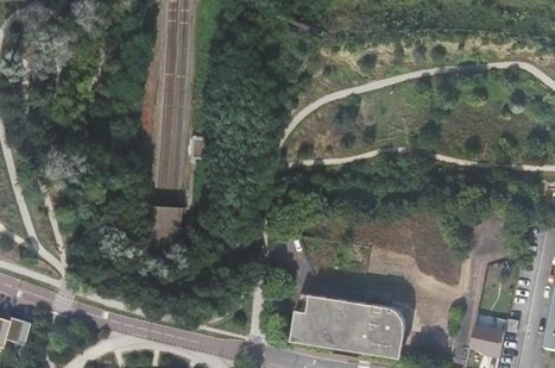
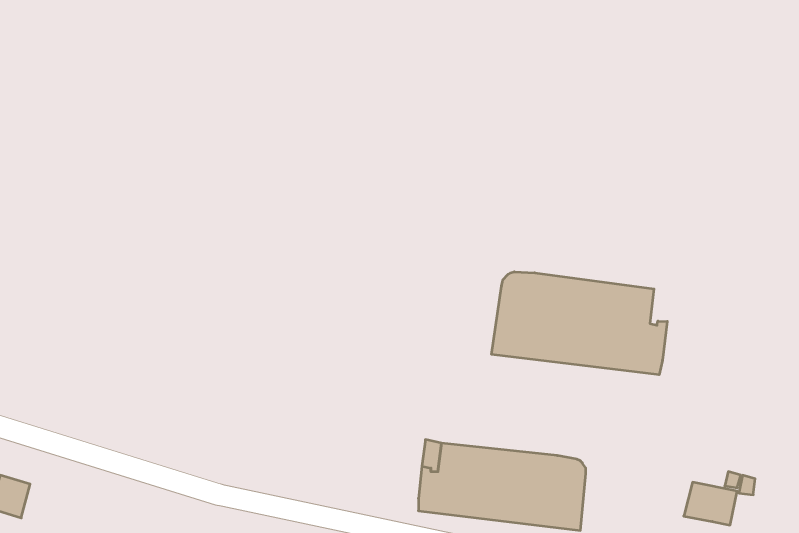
building: none -> [492,272,667,375]

